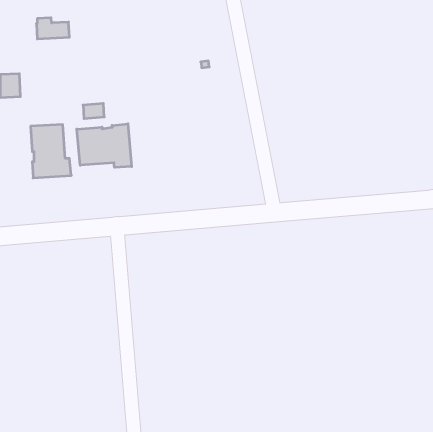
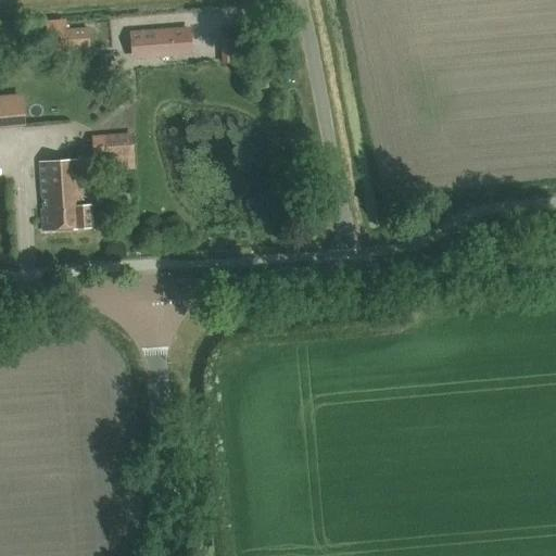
building: none -> [131,27,189,54]
building: [77,124,132,167] -> none

